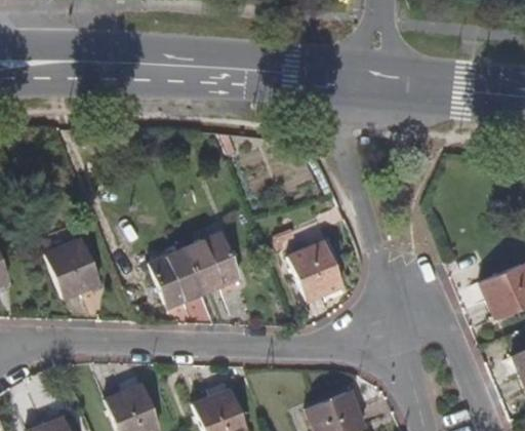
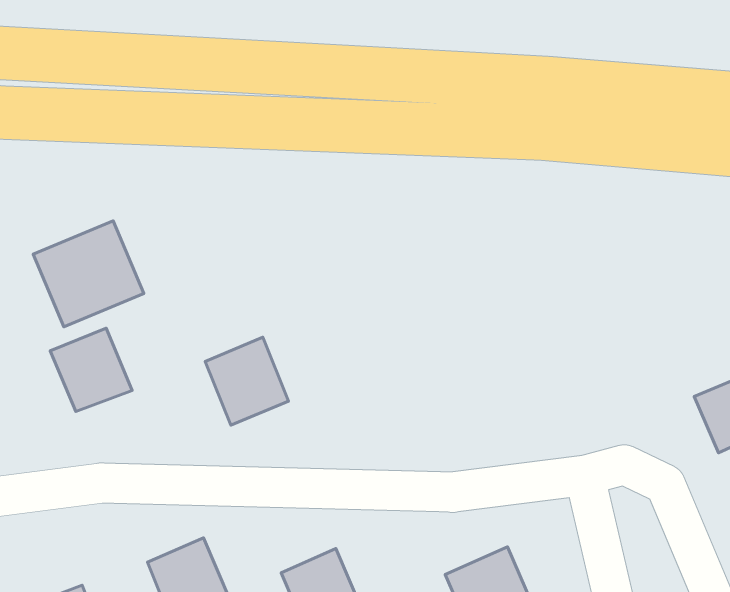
building: none -> [33,221,144,327]
building: [186,231,241,290] -> none
building: [288,239,342,293] -> none

